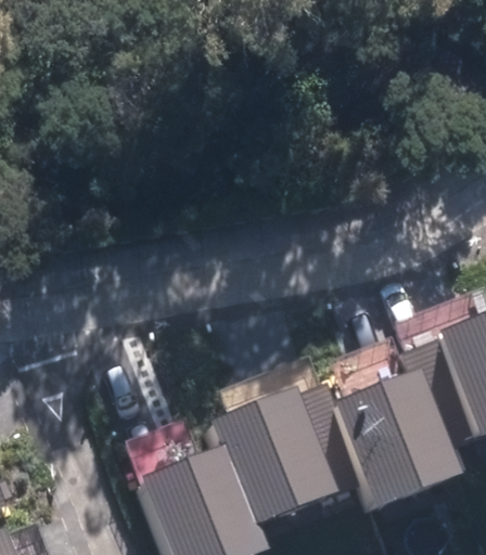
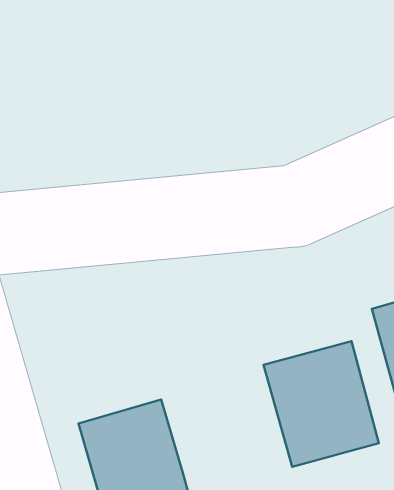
building: [218,386,338,519] -> none

